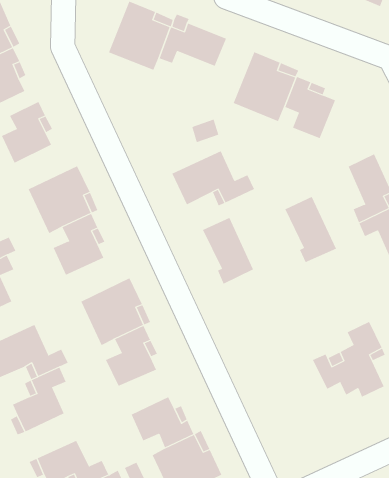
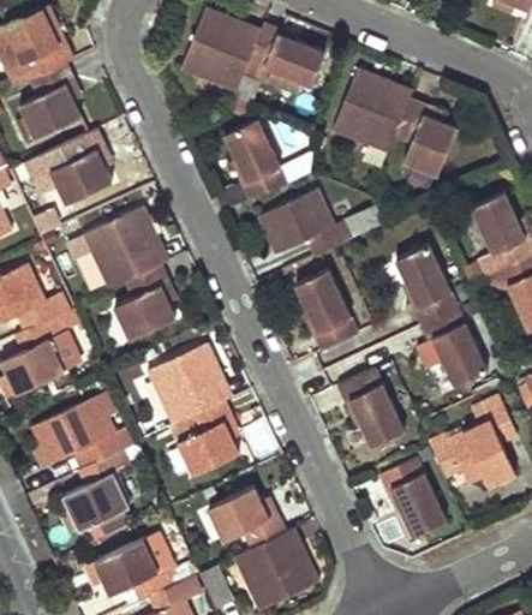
building: none -> [223,119,286,199]
building: none -> [419,308,488,387]
building: none -> [336,368,404,448]
building: none -> [378,458,446,537]

